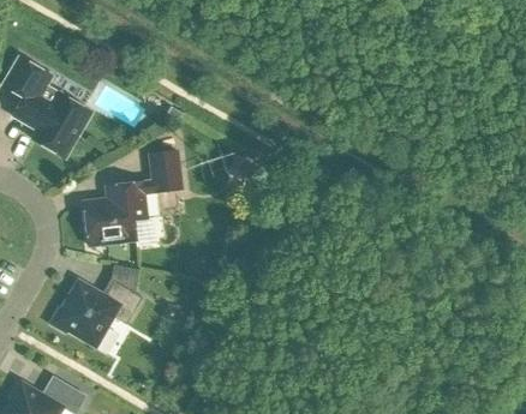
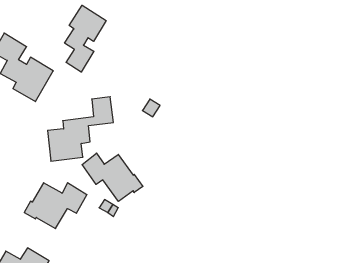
building: none -> [65,5,106,72]
building: none -> [82,153,143,201]

